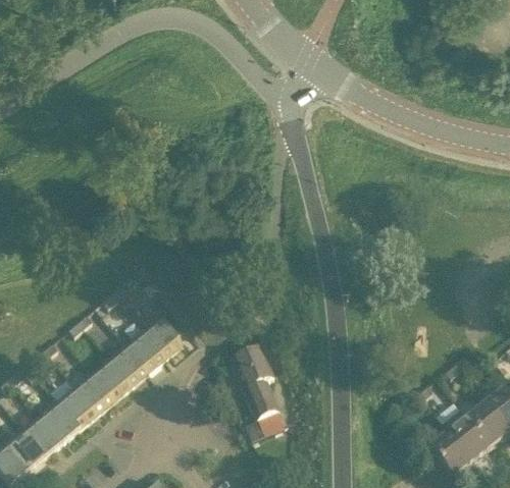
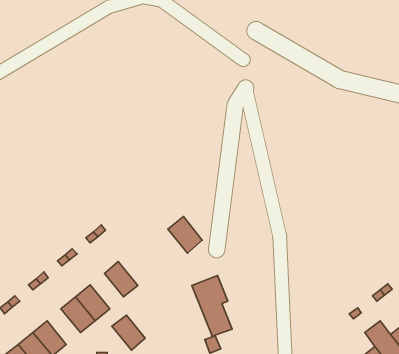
building: [144,314,185,358] -> [168,216,202,253]
building: [110,343,150,385] -> [112,315,145,350]
building: [59,385,99,428] -> none

